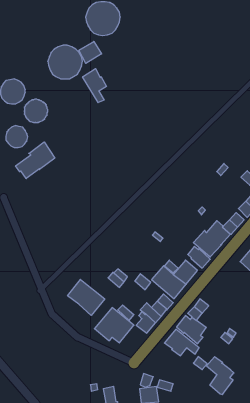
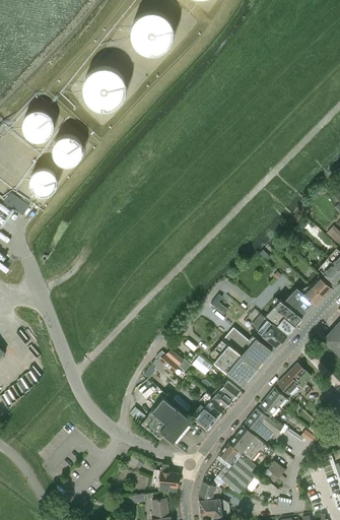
building: [79,41,102,63] -> none
building: [83,69,106,103] -> none
building: [16,142,55,179] -> none
building: none -> [277,362,311,393]
building: [68,279,105,315] -> none
building: [207,357,234,395] -> [219,443,254,491]
building: none -> [158,463,180,492]

